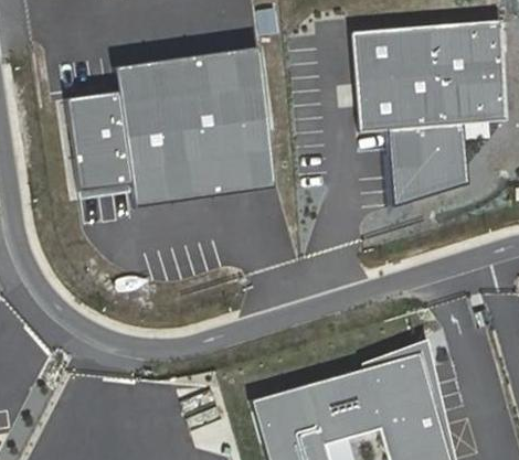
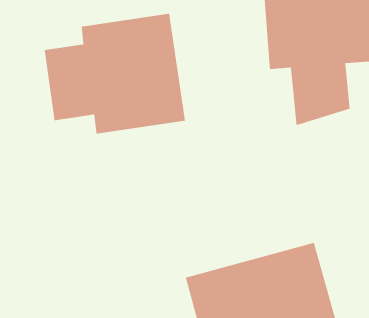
building: [232,49,274,194] -> none

